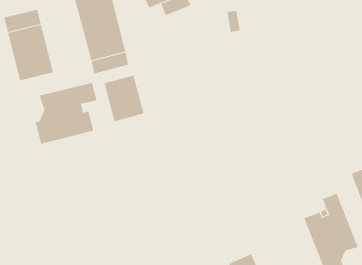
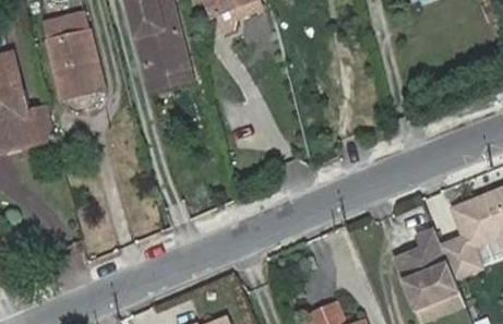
building: [104,75,144,122] -> none
building: [35,82,97,145] -> none

